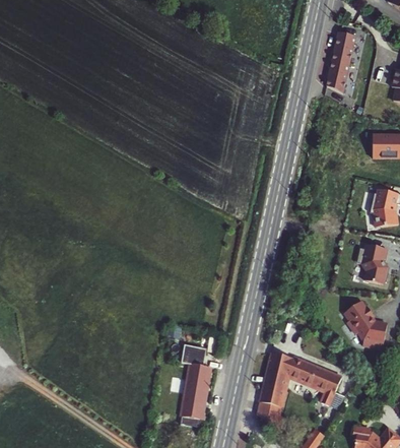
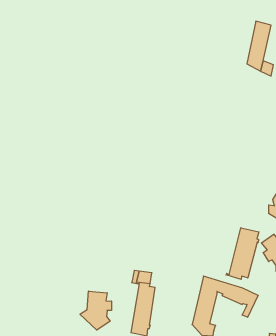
building: none -> [226,228,259,279]
building: none -> [80,291,111,330]

